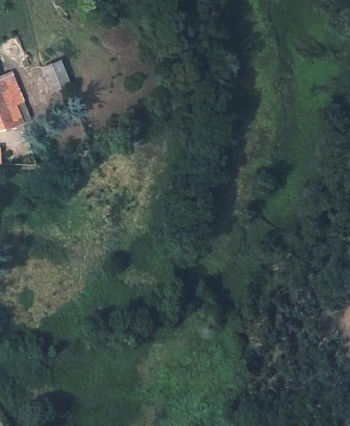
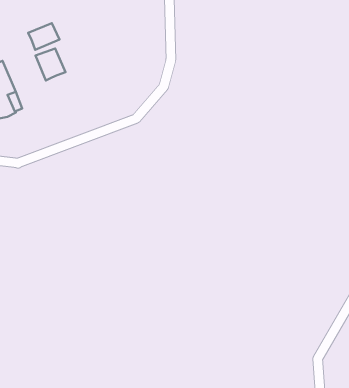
building: none -> [28,23,60,50]

